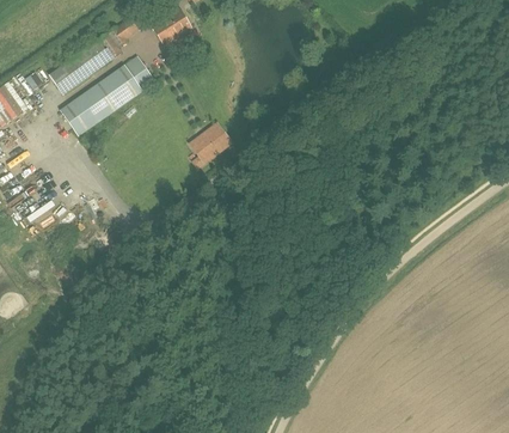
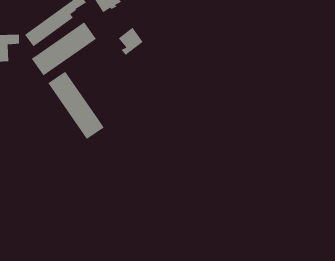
building: [186,126,223,167] -> [118,27,144,56]
building: none -> [47,71,105,140]

